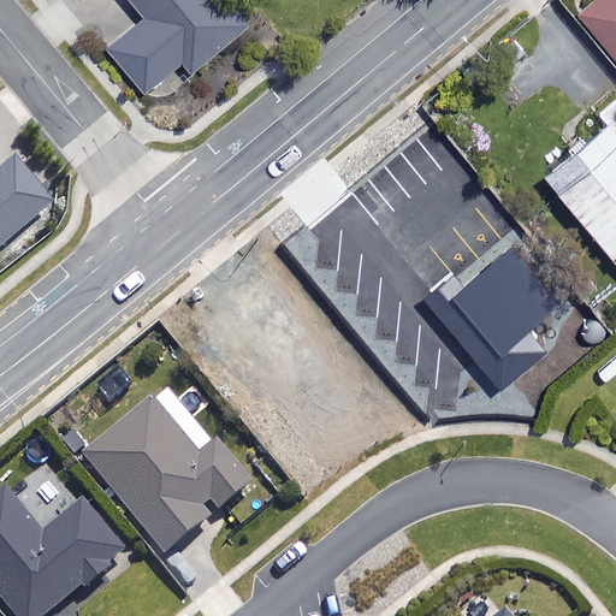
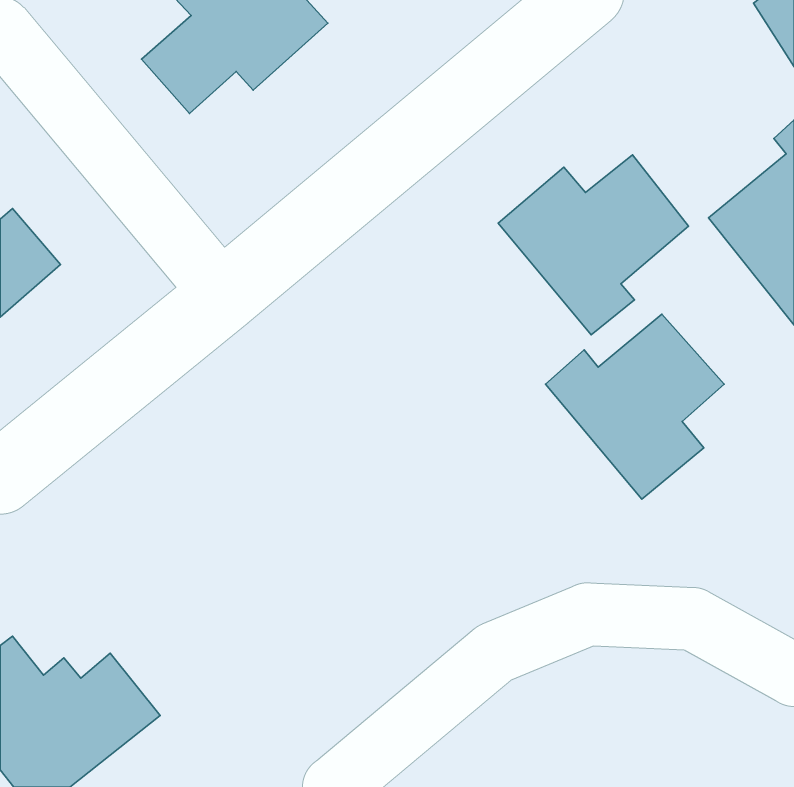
building: none -> [498,155,689,335]
building: [87,402,255,557] -> none

